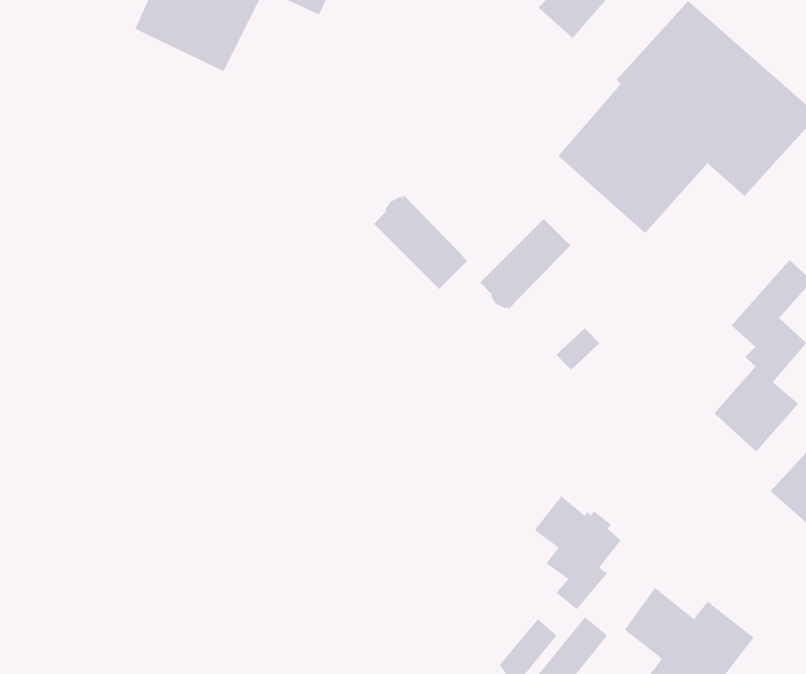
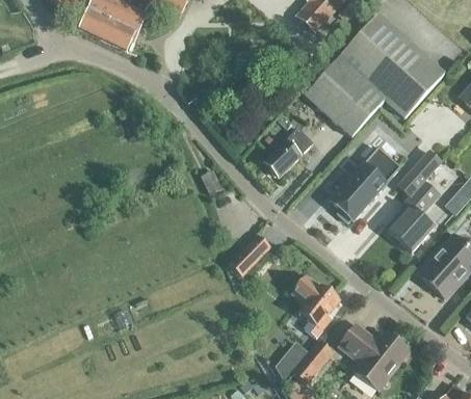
building: [373,195,468,290] -> none
building: none -> [331,147,400,221]
building: none -> [229,235,269,277]

